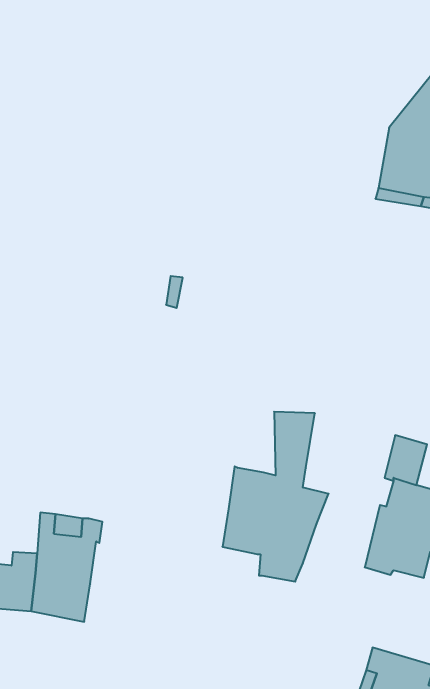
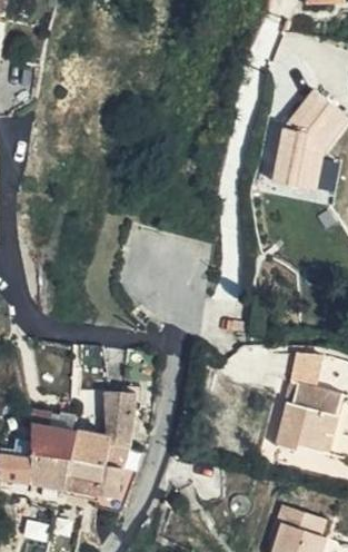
building: [222,412,329,582] -> [66,390,143,514]

